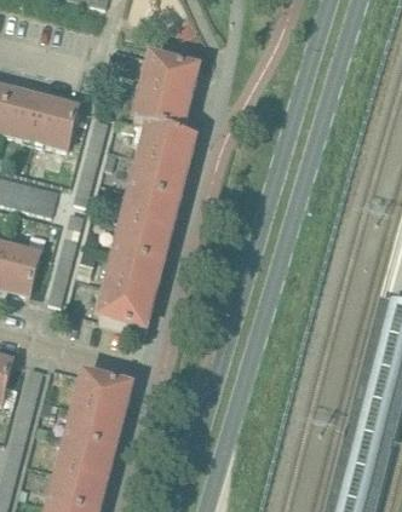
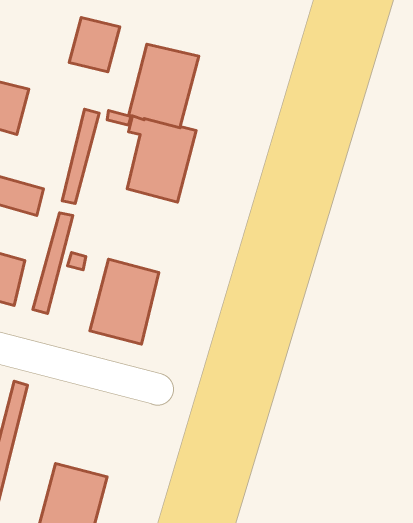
building: [30,97,76,146] -> [69,18,120,72]
building: [114,188,177,264] -> none
building: [65,373,128,450] -> none

